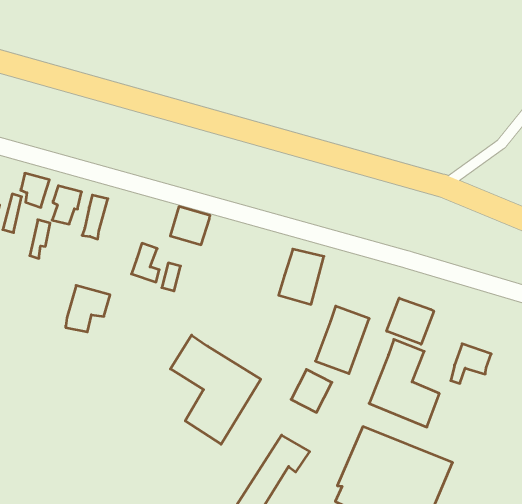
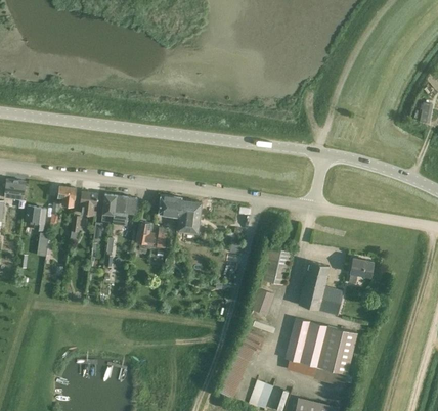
building: [279,249,324,304] -> [176,199,202,233]
building: [66,285,110,332] -> [112,195,137,224]
building: [387,298,434,344] -> none
building: [170,335,261,444] -> none

